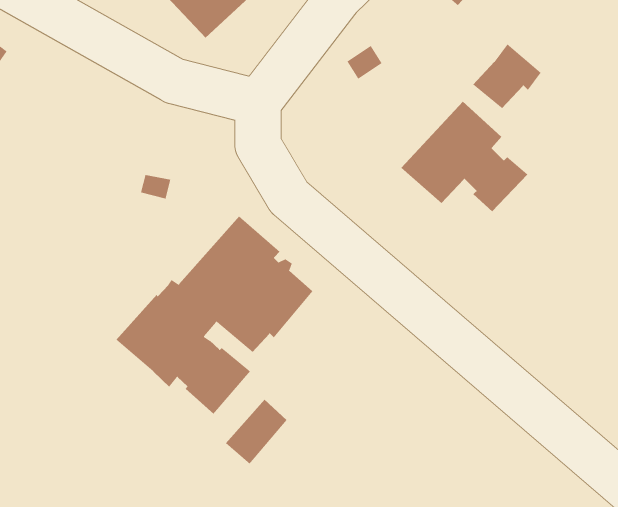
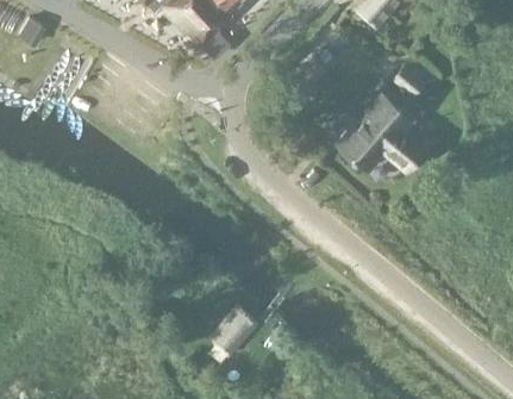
building: [116,216,313,415] -> none

